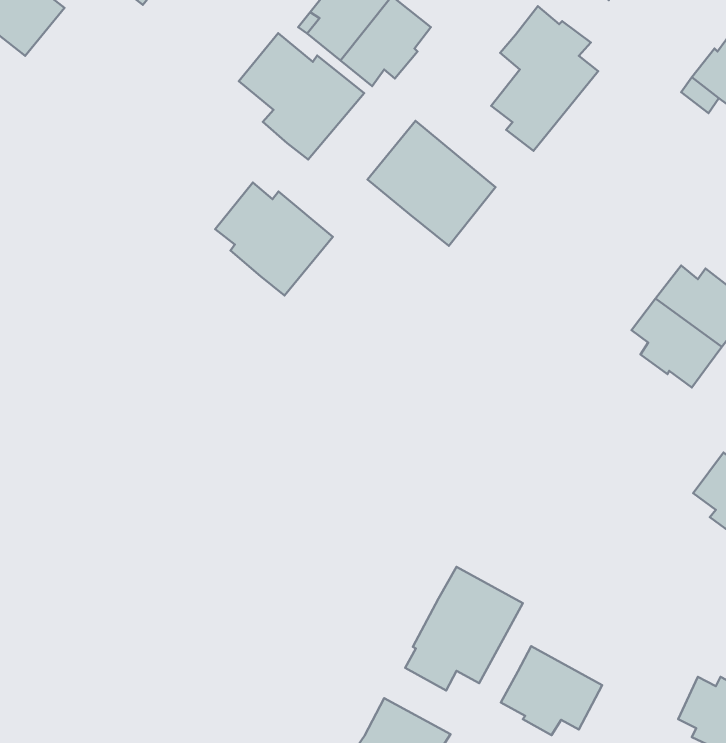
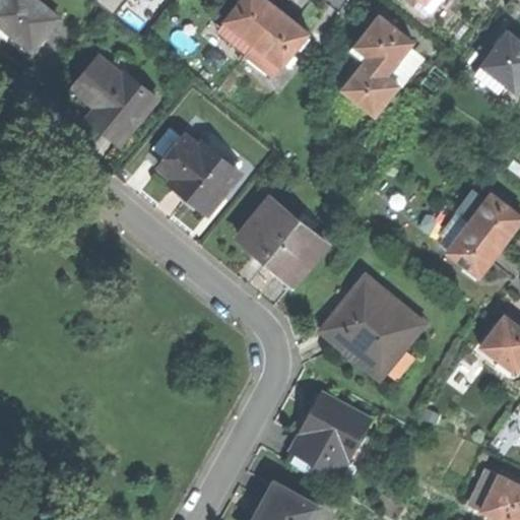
building: [239,33,364,160] -> [72,57,156,142]
building: [367,121,496,246] -> [239,199,325,283]
building: none -> [321,275,424,378]
building: [501,646,602,735] -> none

